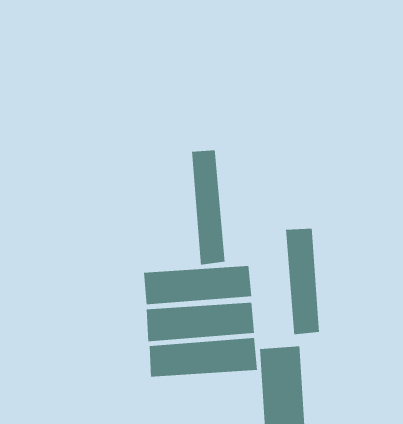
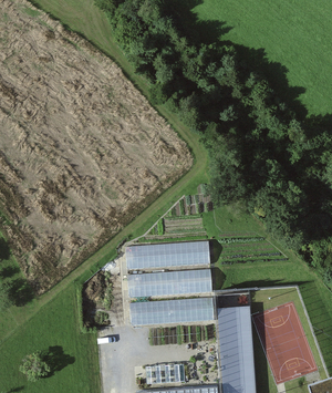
building: [191,150,225,265] -> none
building: [285,228,319,335] -> none

